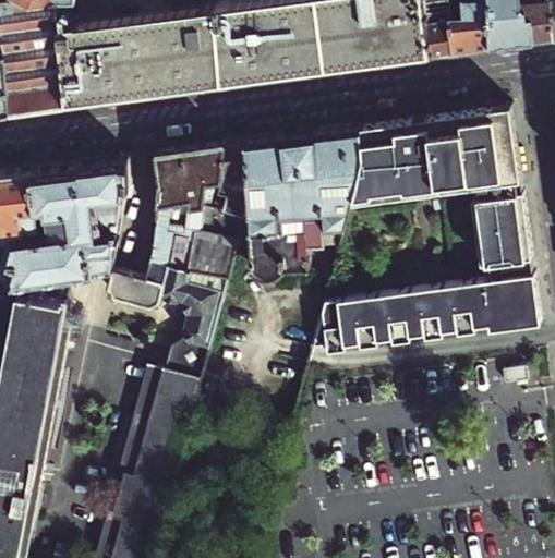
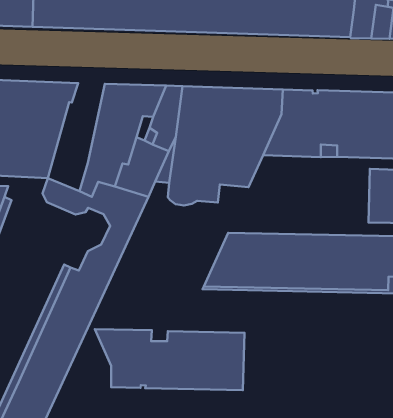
building: none -> [95,329,245,390]

